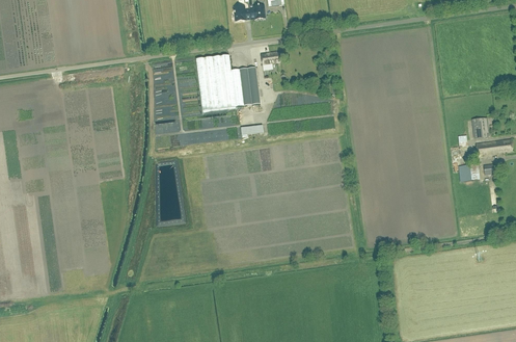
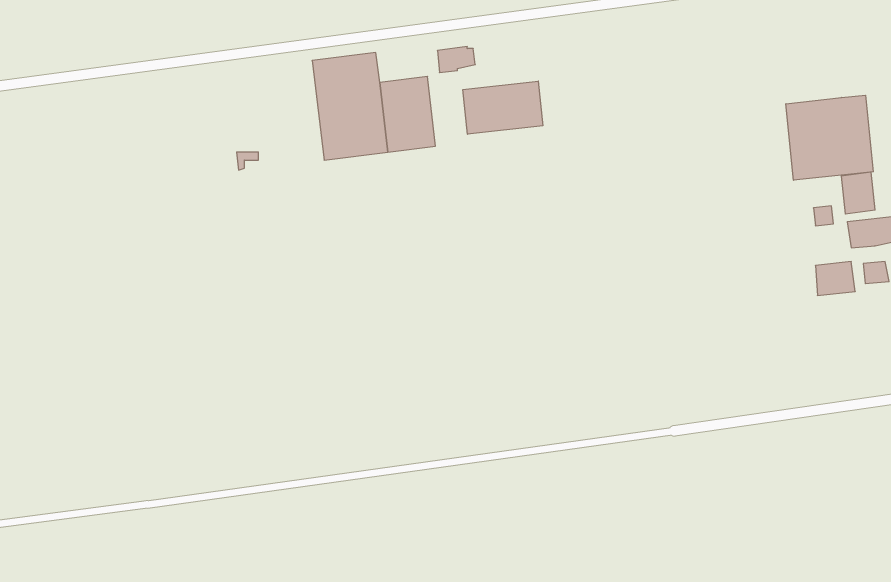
building: none -> [463,81,543,134]
building: none -> [786,95,873,180]

